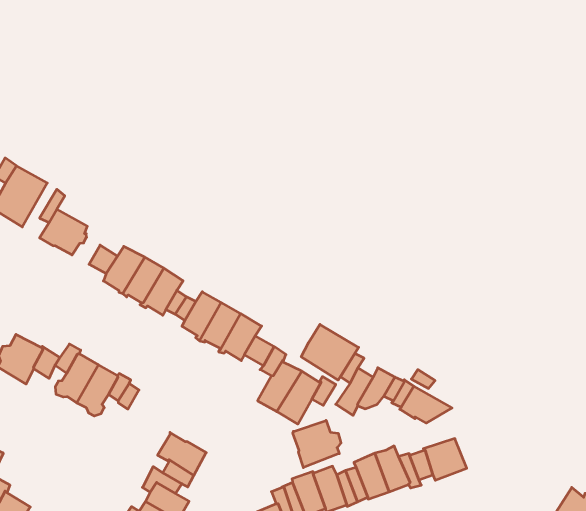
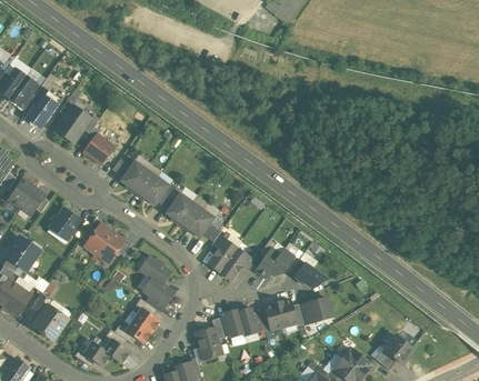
building: [301,324,359,380] -> none
building: none -> [140,255,170,283]
building: [293,420,341,468] -> none

